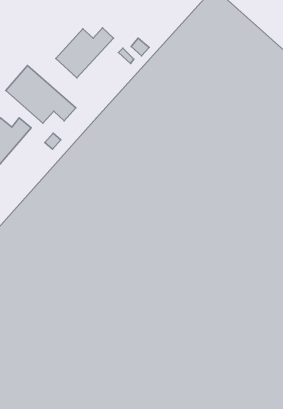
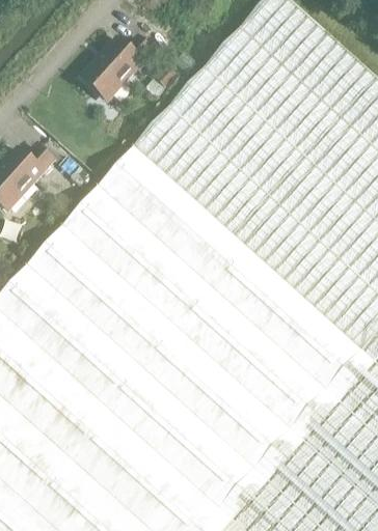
building: [6,66,76,123] -> none

